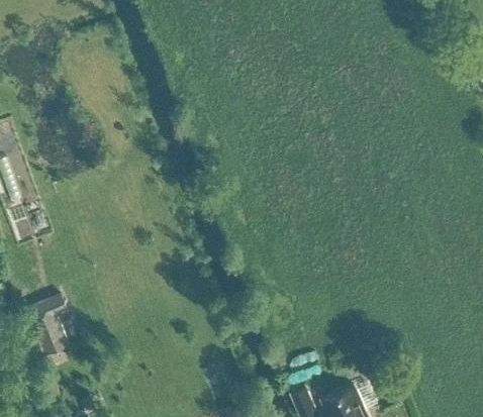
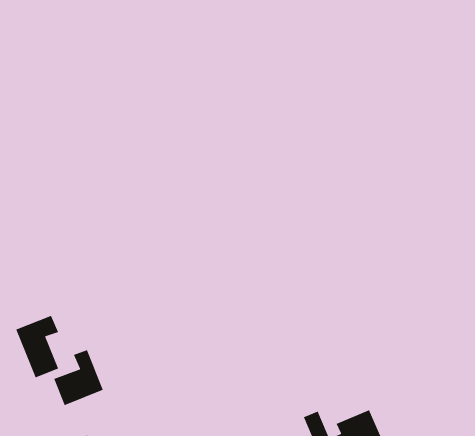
building: none -> [53,349,104,406]

